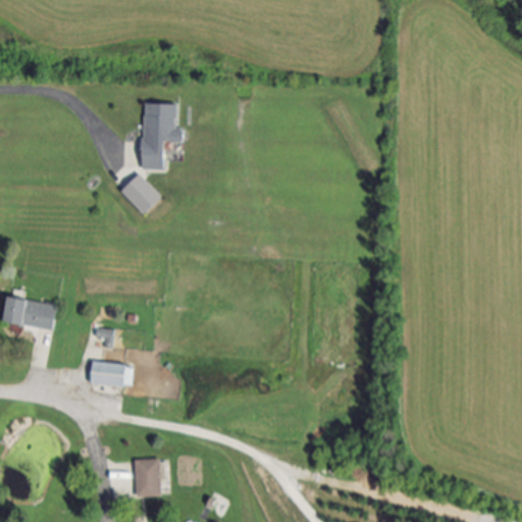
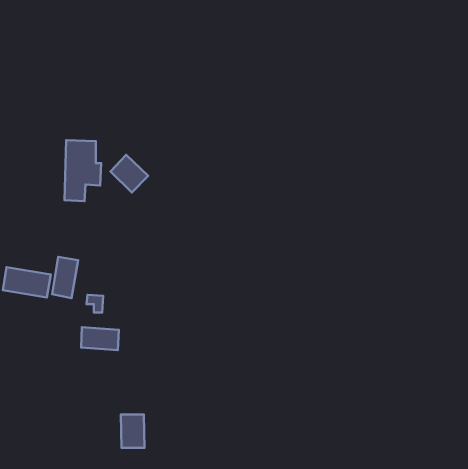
building: [141,102,181,169] -> [64,140,101,201]
building: none -> [52,257,78,298]

